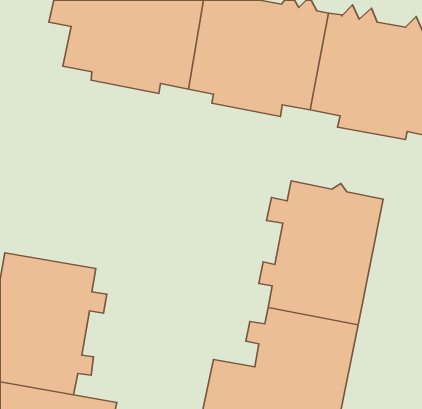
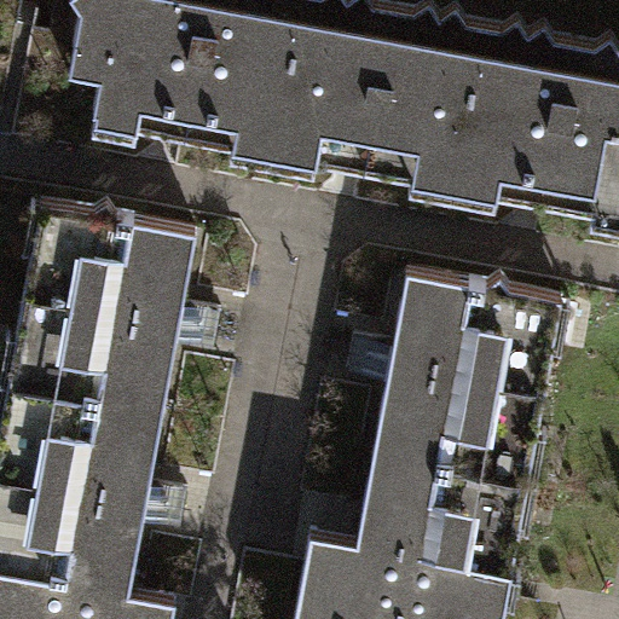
building: none -> [8,210,192,412]

